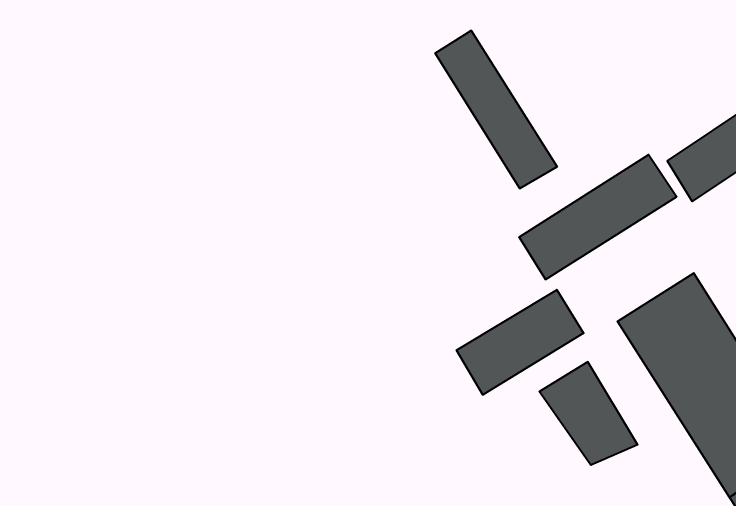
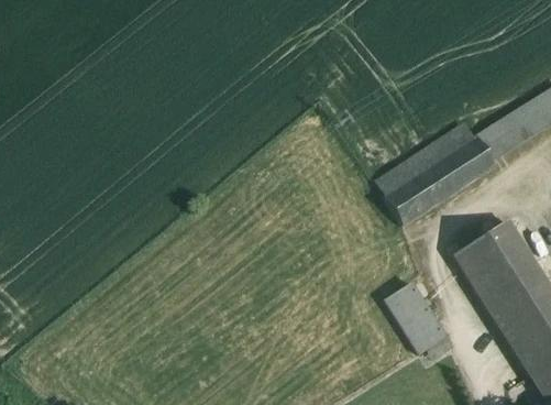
building: [435,30,557,189] -> none
building: [457,290,584,395] -> none

